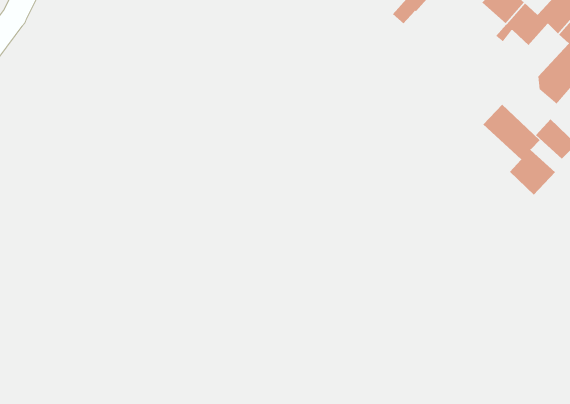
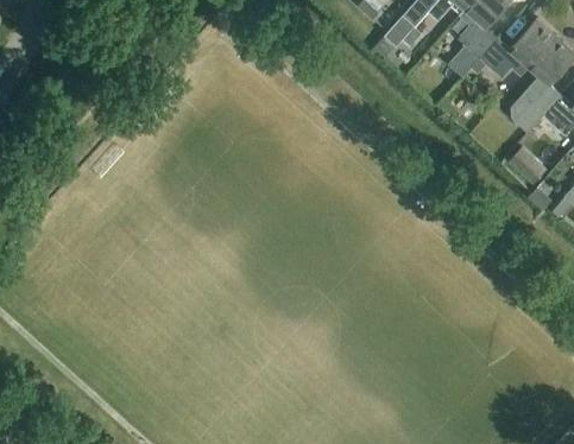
building: [483,104,556,195] -> none

